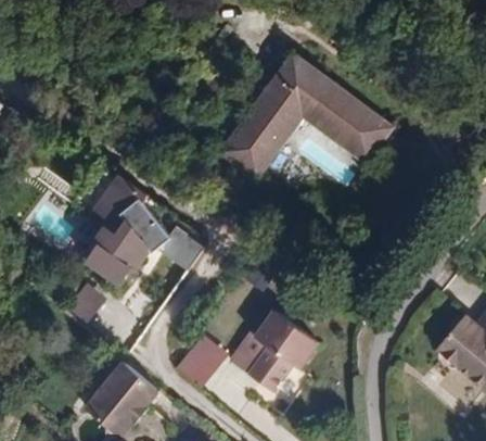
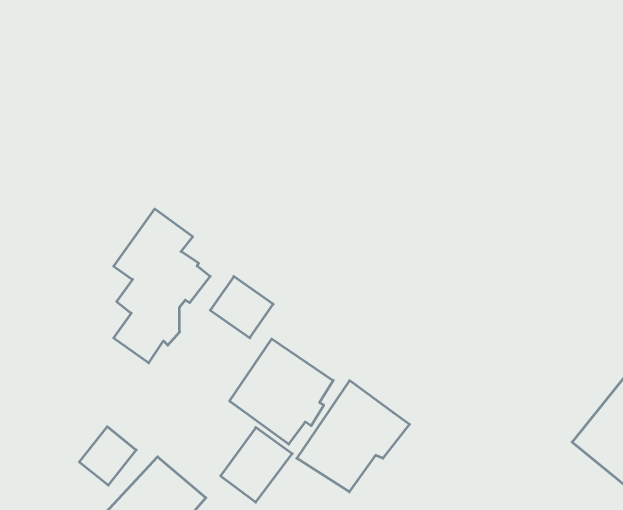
building: [220,58,386,178] -> none
building: none -> [230,339,333,444]
building: [64,281,106,325] -> [79,427,136,485]

